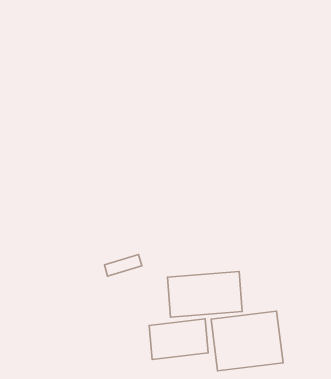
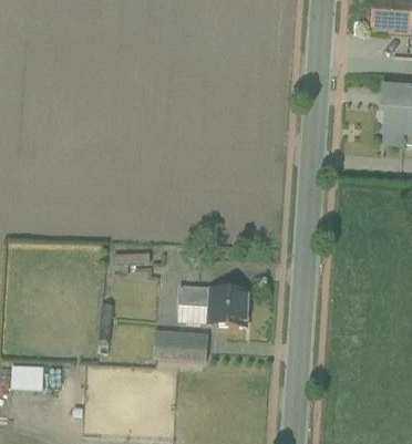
building: [211,311,283,371] -> none

